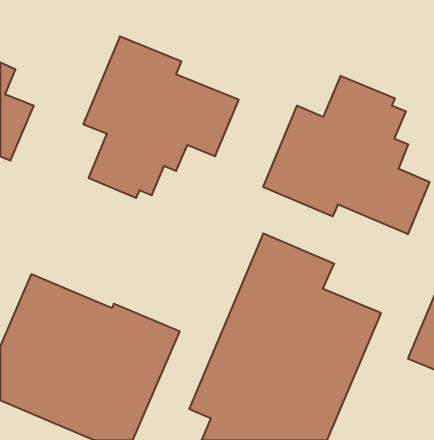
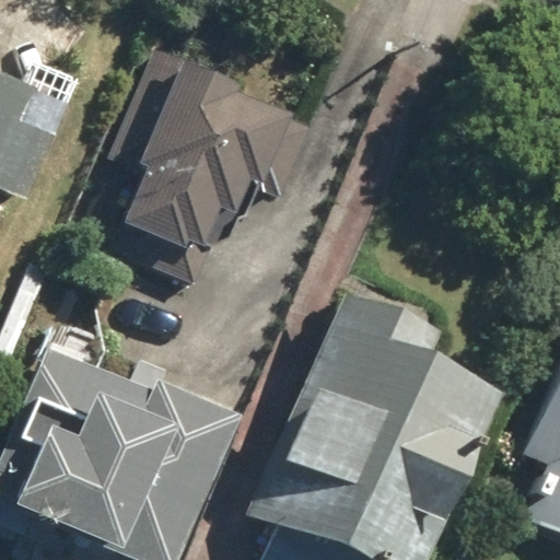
building: [263,76,430,234] -> none

